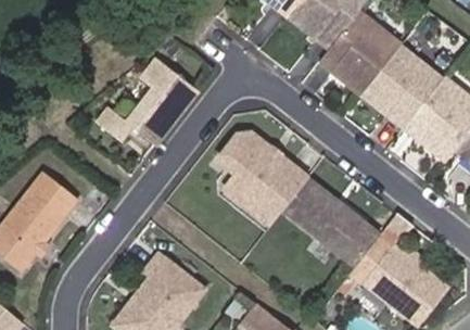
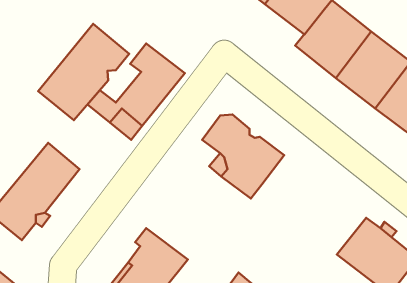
building: none -> [38,24,129,120]
building: [282,177,381,266] -> none

